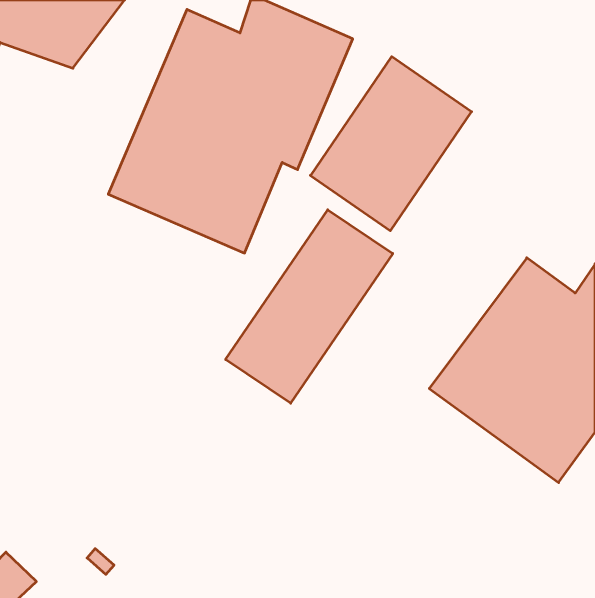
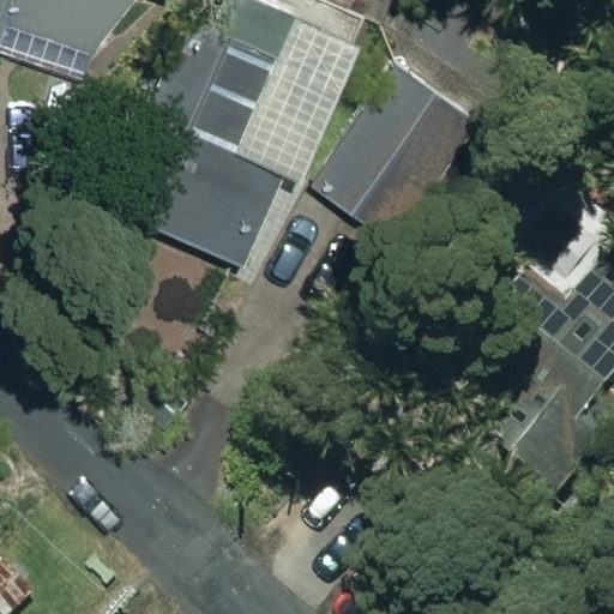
building: [226,210,393,403] -> none

